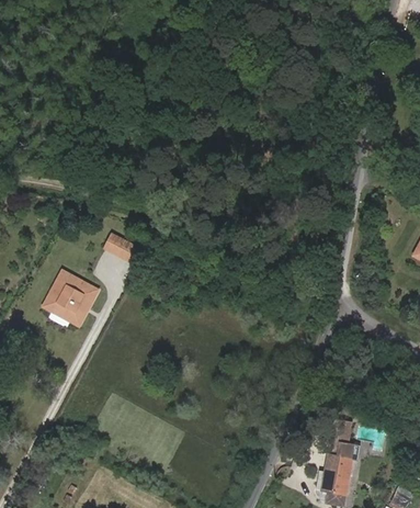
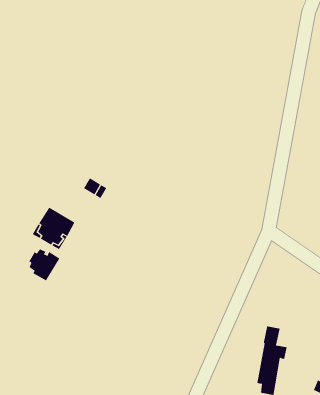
building: none -> [29,249,60,281]

